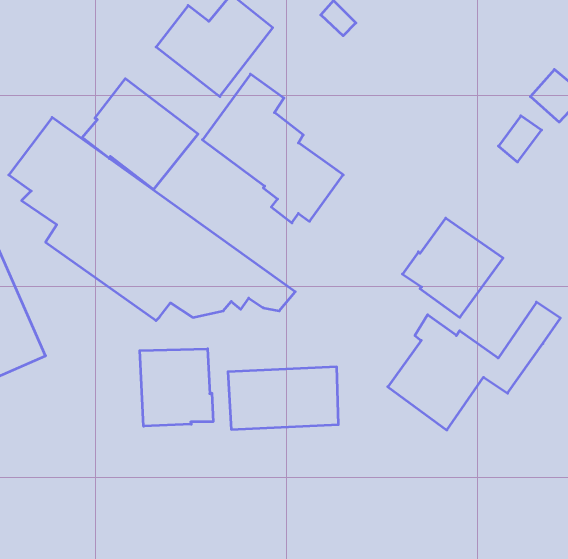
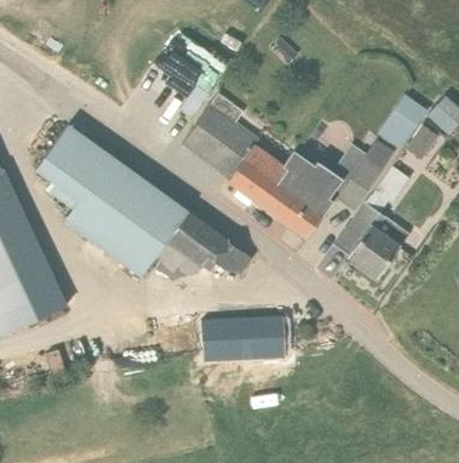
building: none -> [377,93,428,149]
building: [82,79,198,189] -> none
building: [388,302,560,430] -> [263,141,394,238]
building: [140,349,213,426] -> none

